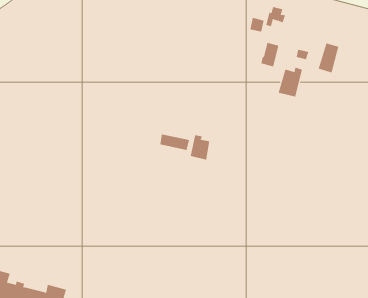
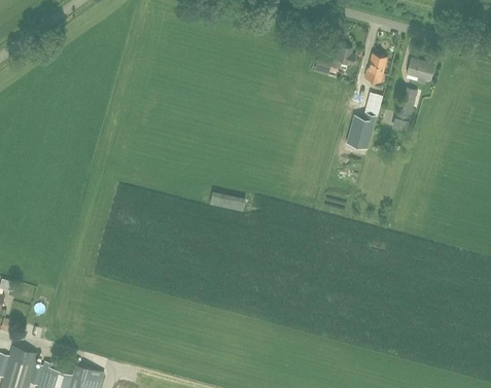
building: none -> [407,58,434,82]
building: [261,42,279,67] -> [365,52,387,81]
building: [190,135,210,160] -> none

